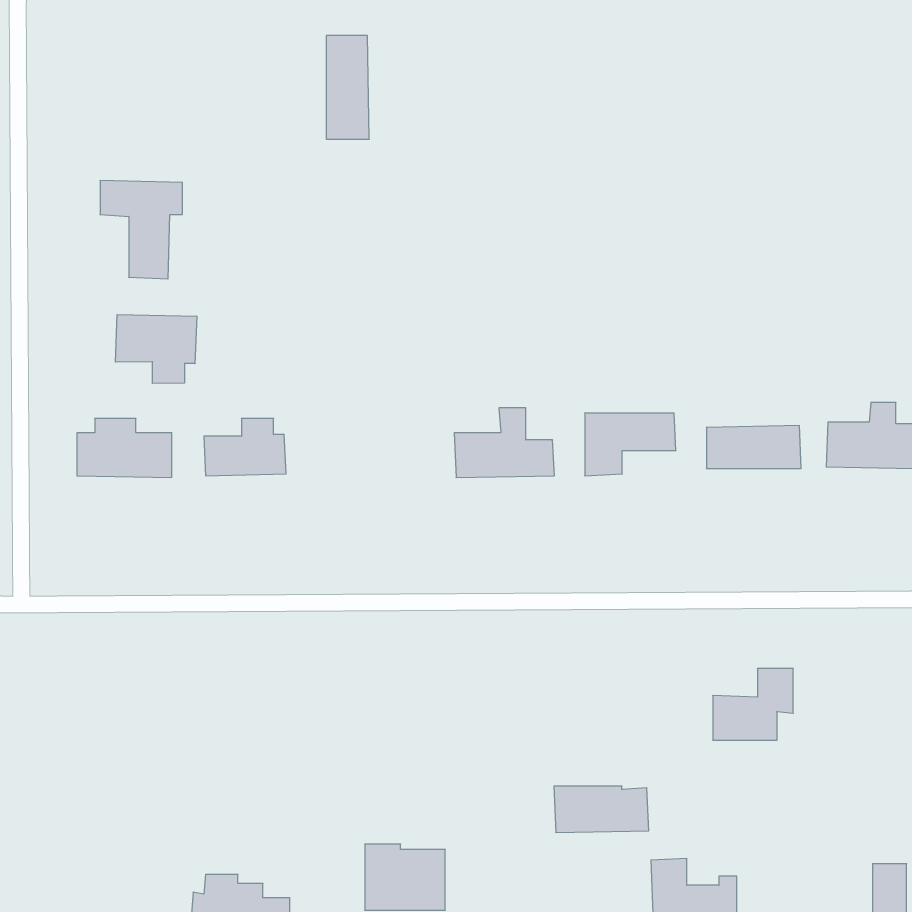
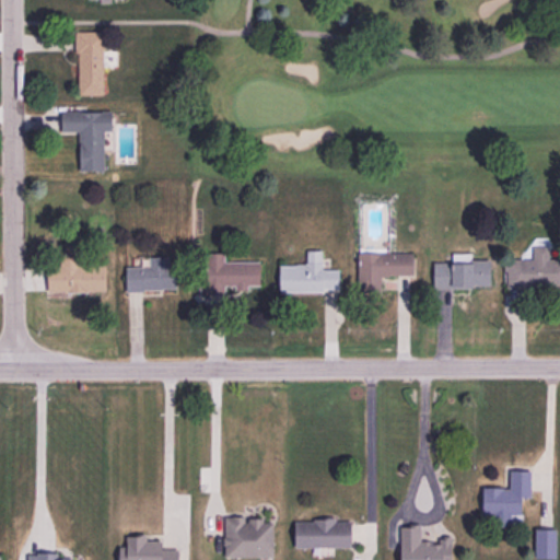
building: [326,36,369,139] -> [78,33,104,96]
building: [115,315,197,383] -> none
building: none -> [200,254,260,303]
building: [713,669,793,740] -> [482,471,532,515]
building: [554,786,649,833] -> [294,521,352,549]

